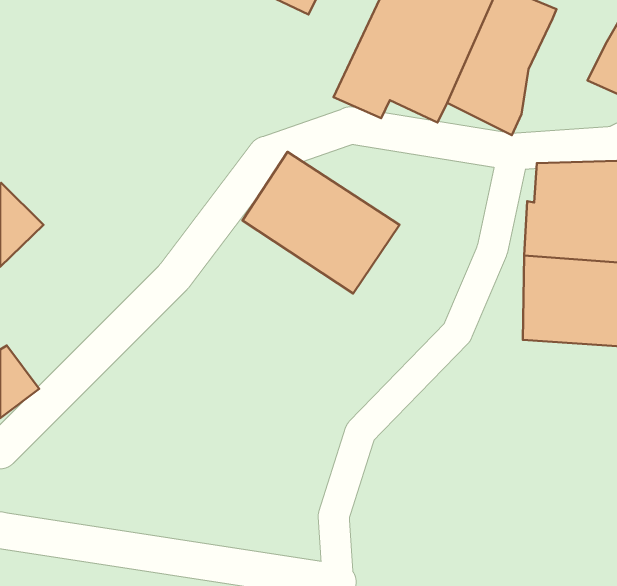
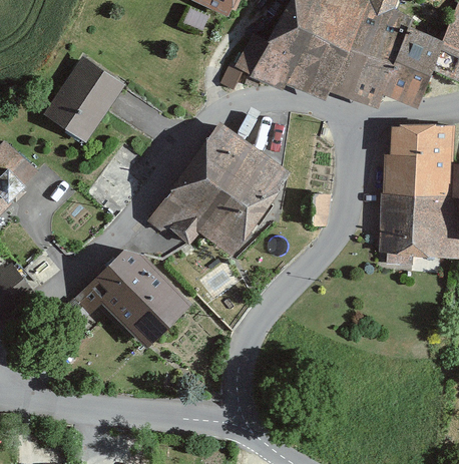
building: none -> [380,22,440,109]
building: none -> [44,57,127,145]
building: none -> [146,166,260,257]
building: none -> [87,238,193,344]

